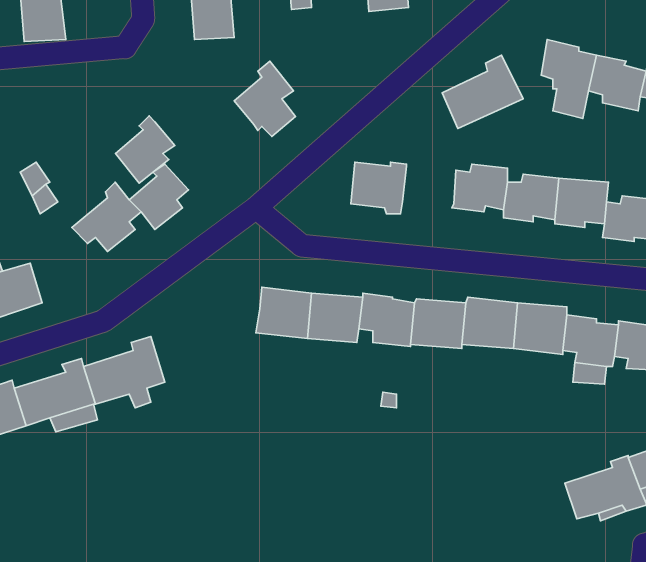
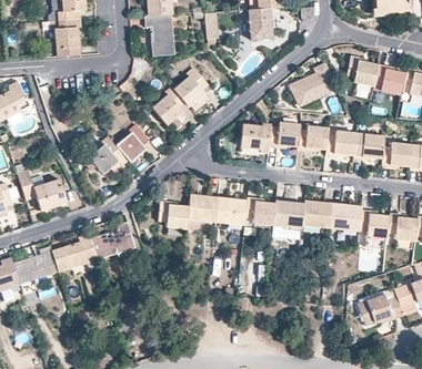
building: [115,116,175,183] -> [153,85,187,123]
building: none -> [270,121,301,147]
building: none -> [159,199,190,228]

